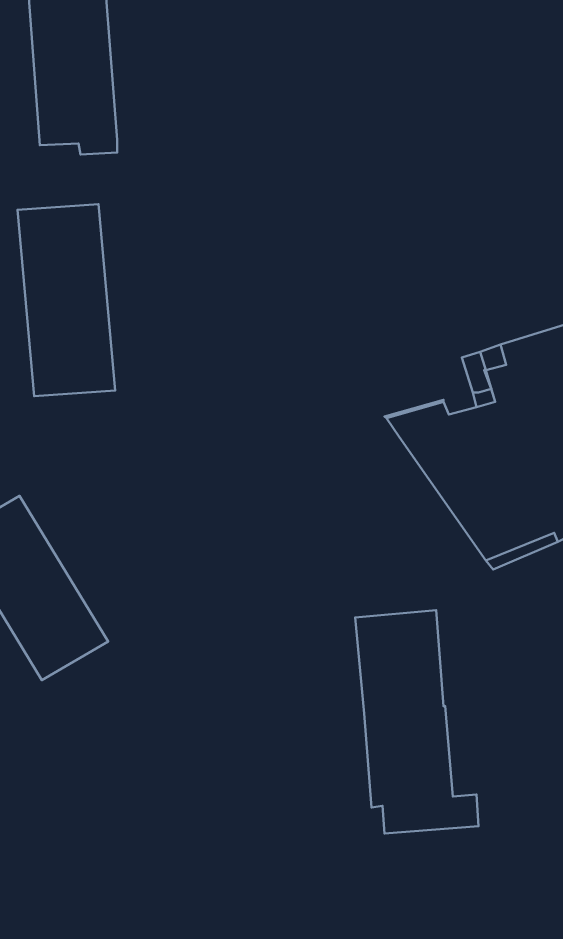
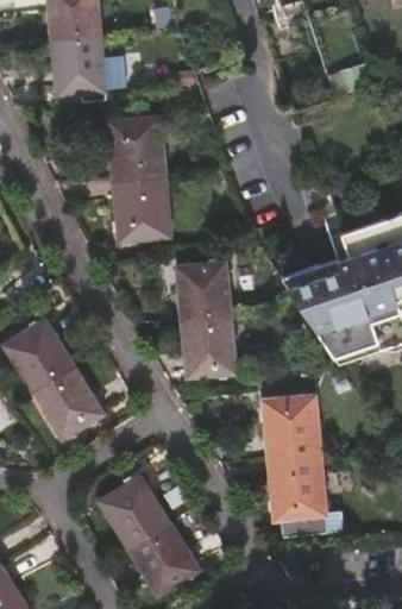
building: [18,204,115,396] -> [108,118,171,241]
building: none -> [176,262,233,376]
building: none -> [96,475,196,596]

